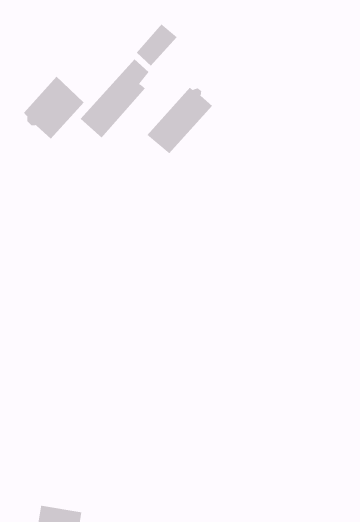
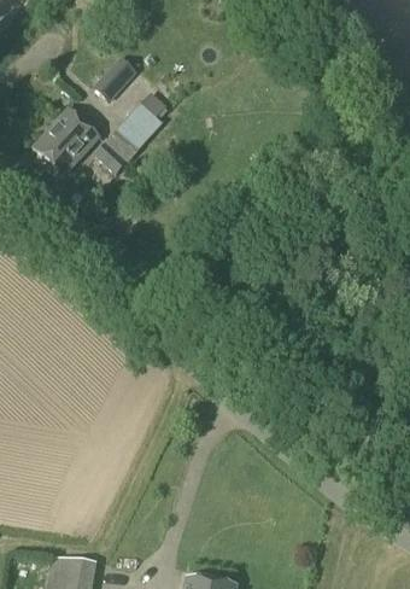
building: [136,23,178,66] -> [93,57,136,101]
building: [146,87,213,154] -> none

